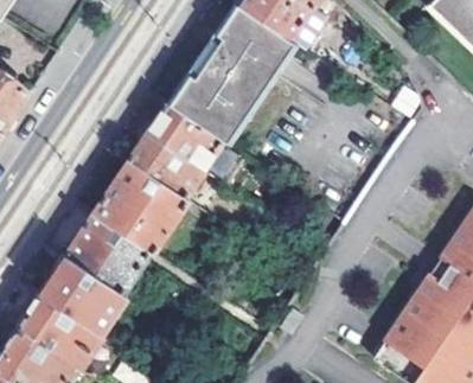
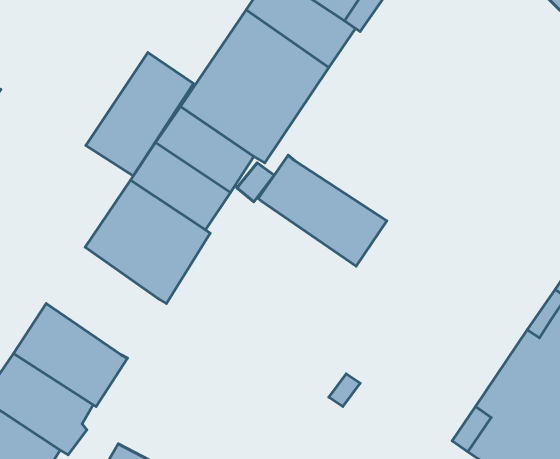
building: none -> [86,53,193,176]
building: none -> [258,155,387,266]
building: [64,212,149,294] -> none

